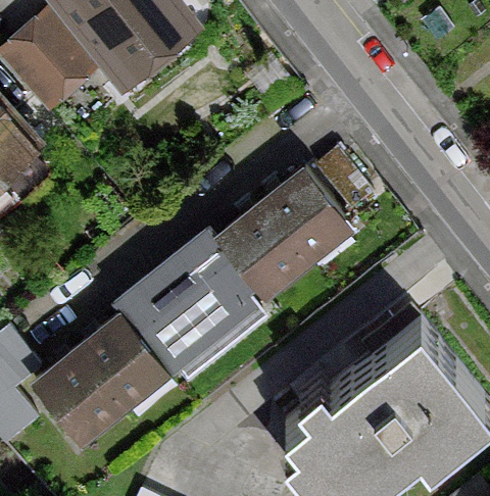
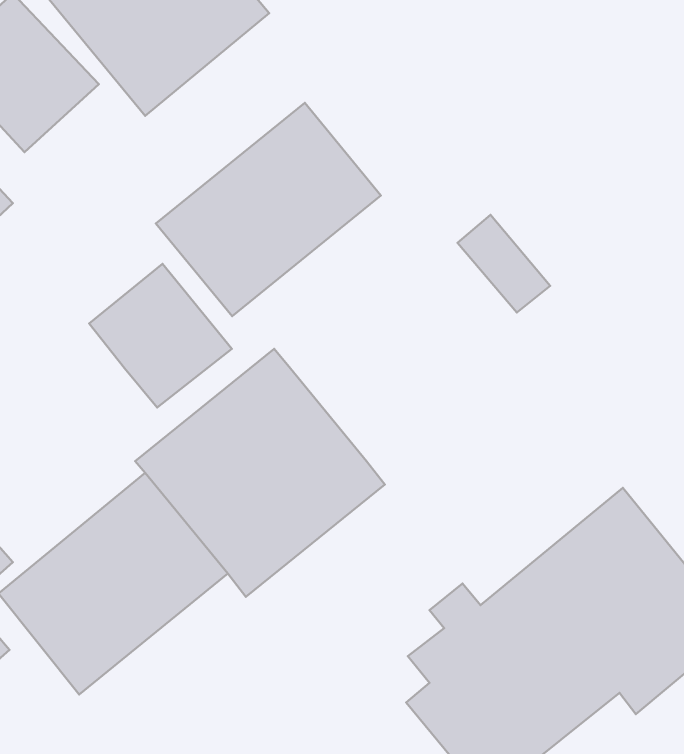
building: [213,169,352,301] -> [156,103,381,316]
building: none -> [89,264,232,408]

